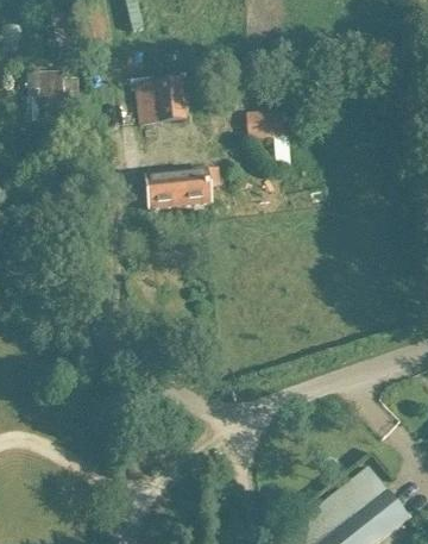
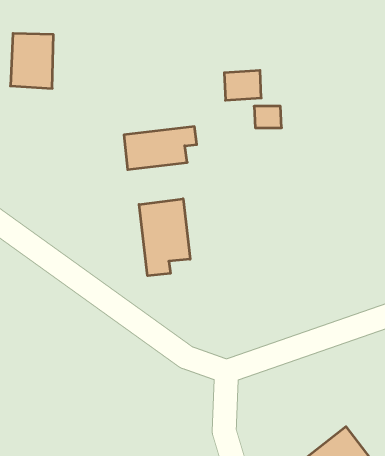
building: [136,77,187,124] -> none
building: none -> [139,199,190,276]

